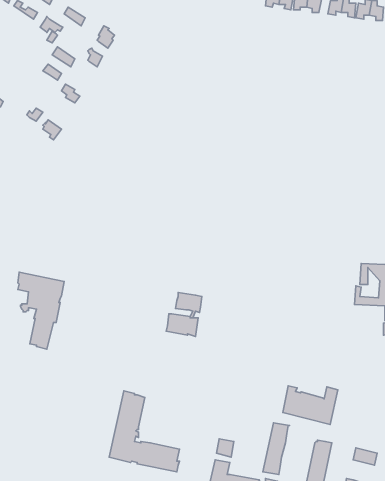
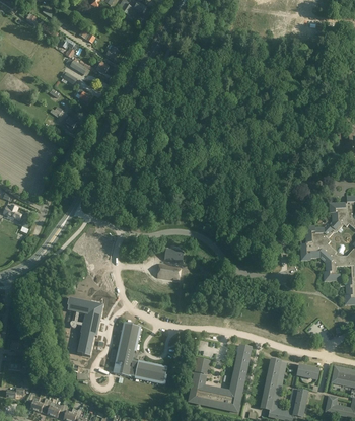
building: [18,272,64,349] -> [67,297,102,356]
building: [283,386,338,424] -> none

